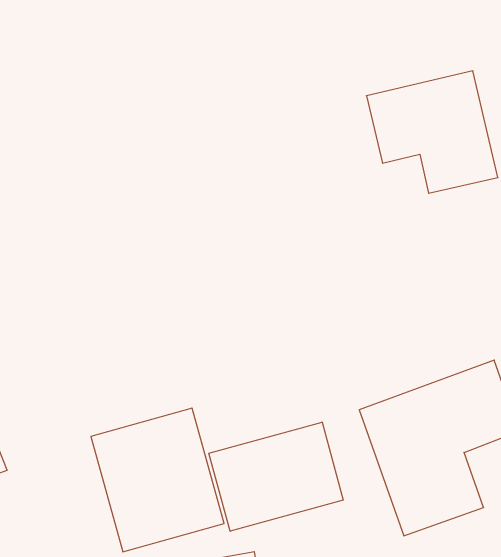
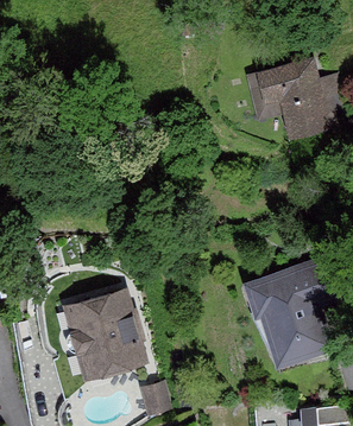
building: [209,422,343,531] -> none

